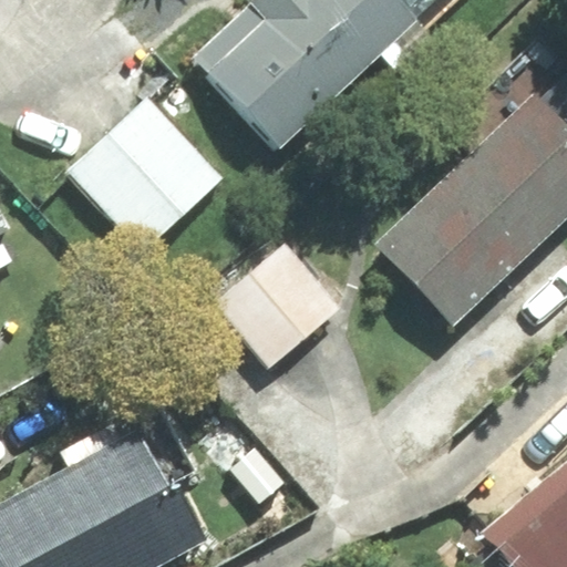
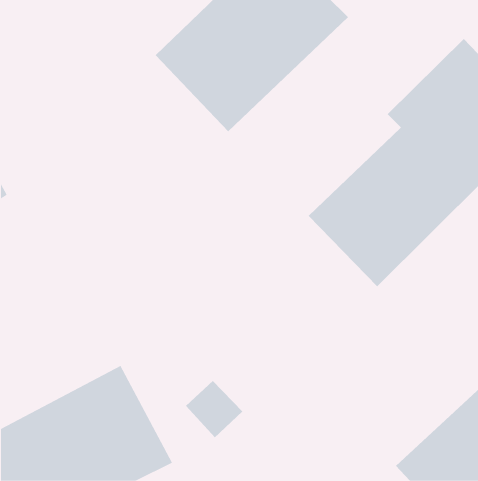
building: [70,100,219,249] -> none
building: [209,257,346,372] -> none

